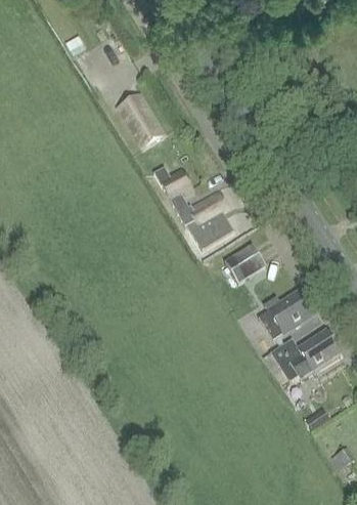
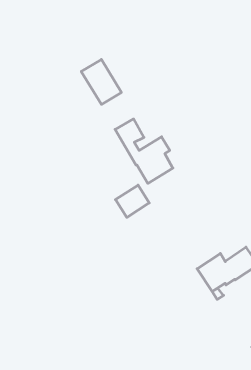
building: [223,243,266,284] -> [115,185,149,217]
building: [256,291,314,340] -> none

